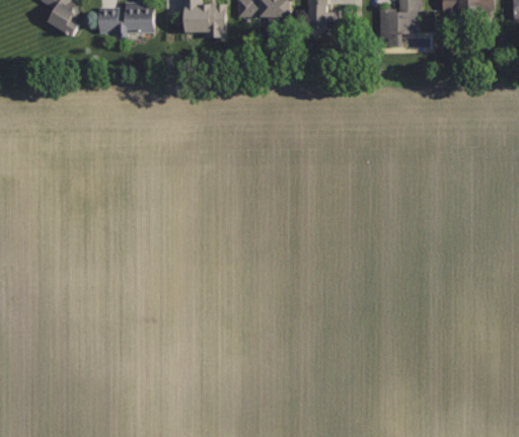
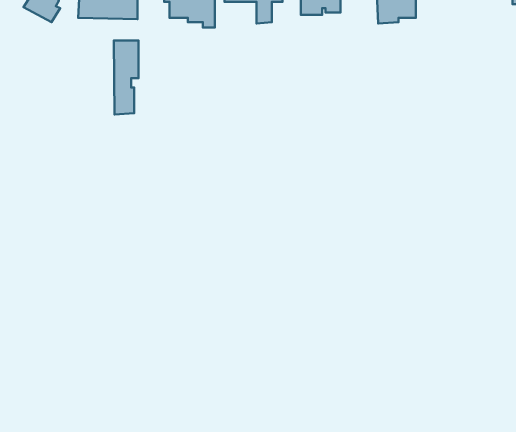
building: none -> [114,40,138,115]

